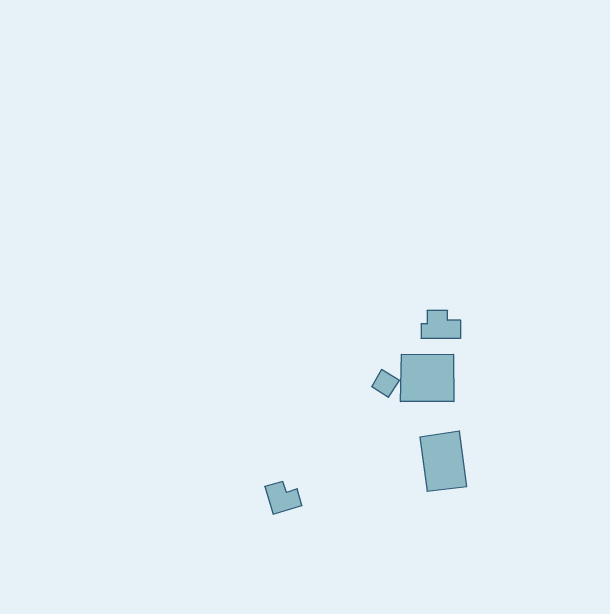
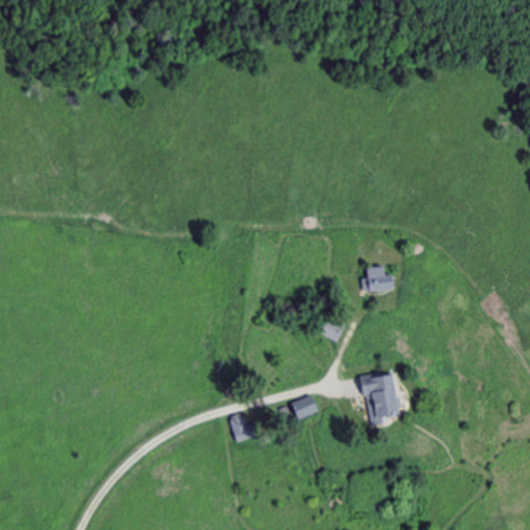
building: [401,354,454,402] -> none
building: none -> [291,394,320,419]

